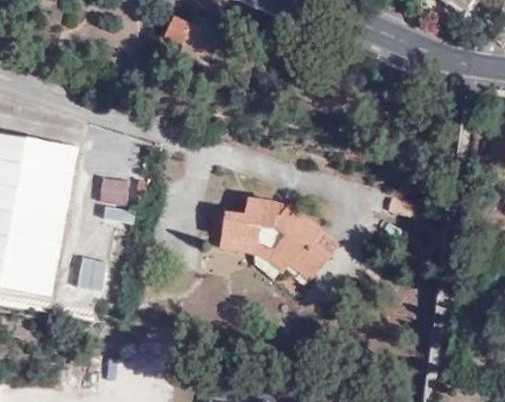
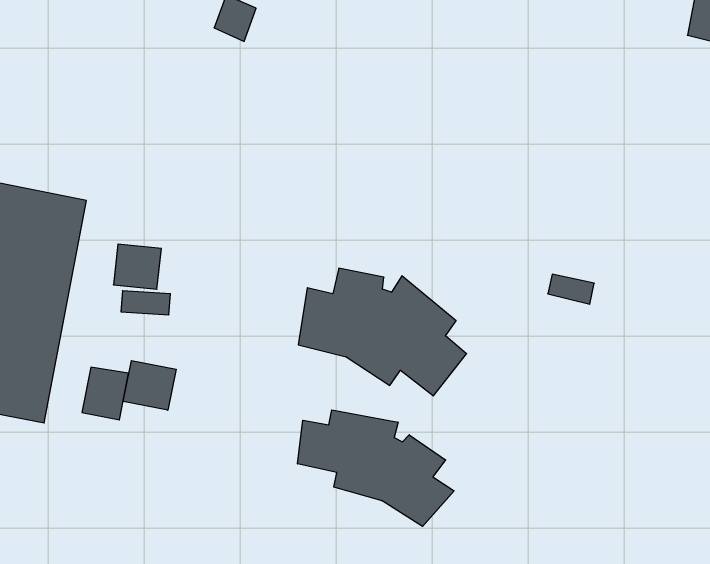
building: none -> [123,361,176,410]
building: none -> [298,410,454,526]

